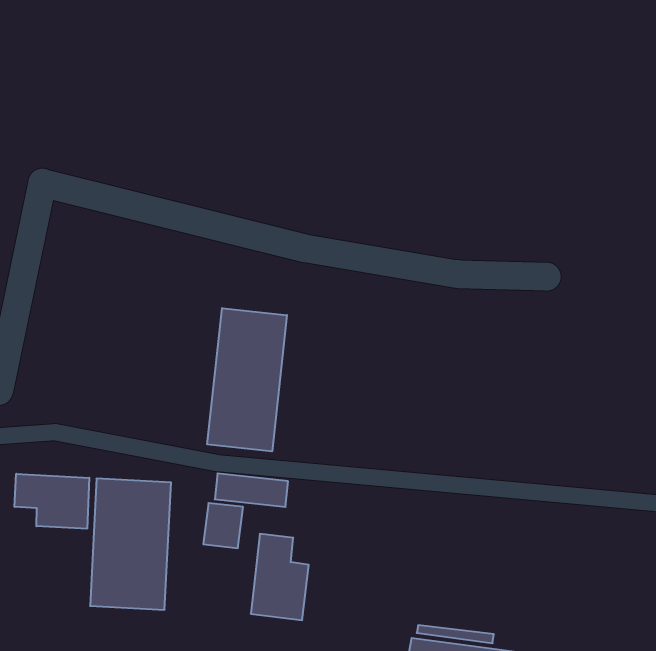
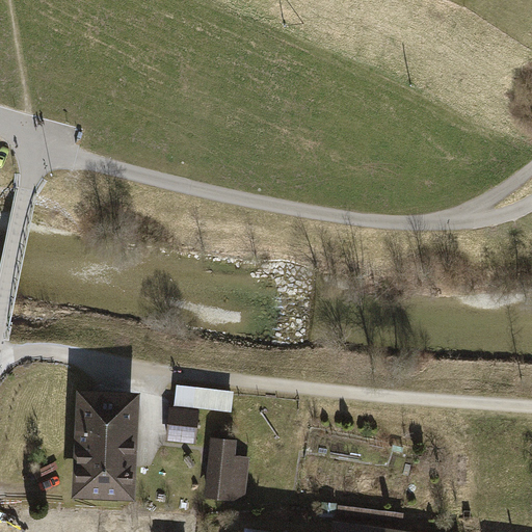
building: [207,308,287,451] -> none
building: [15,474,89,529] -> none

